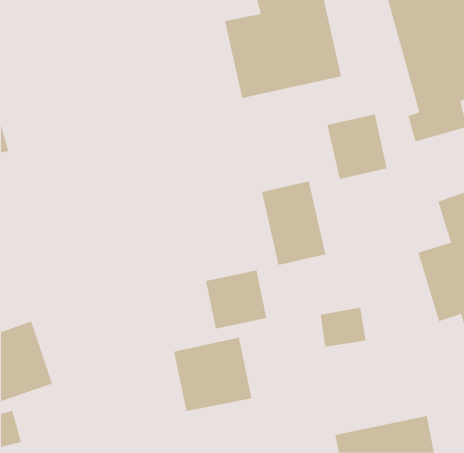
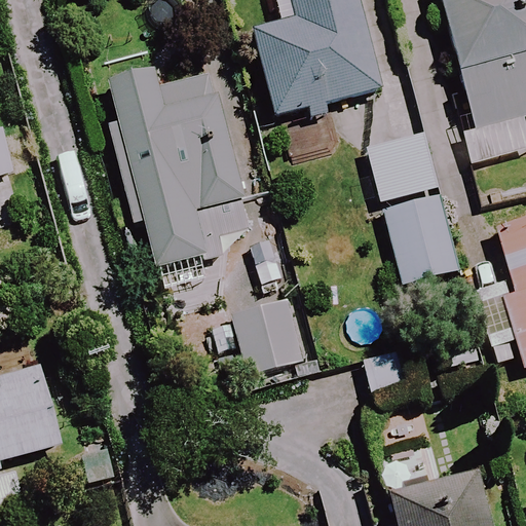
building: none -> [117,93,253,267]
building: [261,181,326,266] -> [384,190,457,286]
building: [174,337,252,412] -> none

